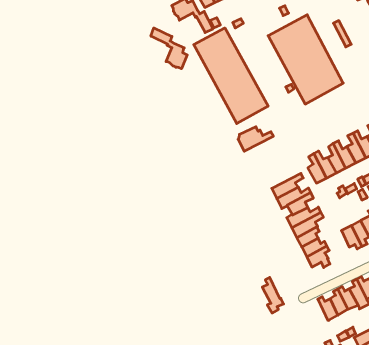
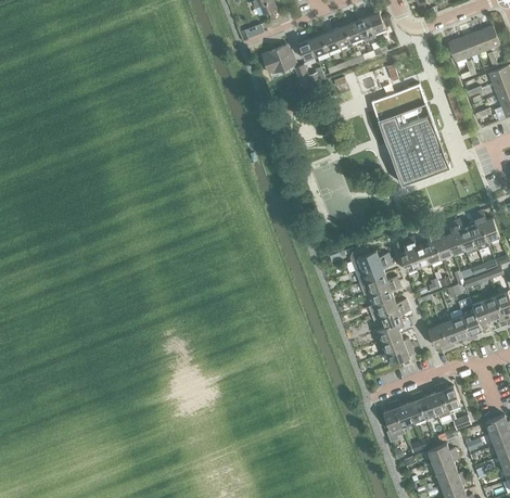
building: [194,28,268,124] -> none
building: [151,28,187,69] -> none
building: [238,127,273,151] -> [349,246,390,272]
building: [262,277,284,313] -> [382,403,404,443]

